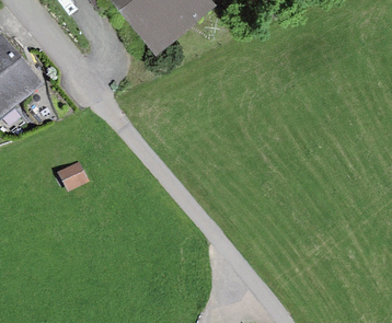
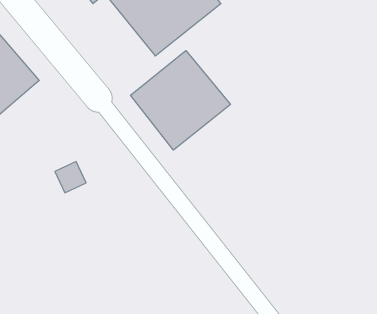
building: none -> [131,51,230,150]

